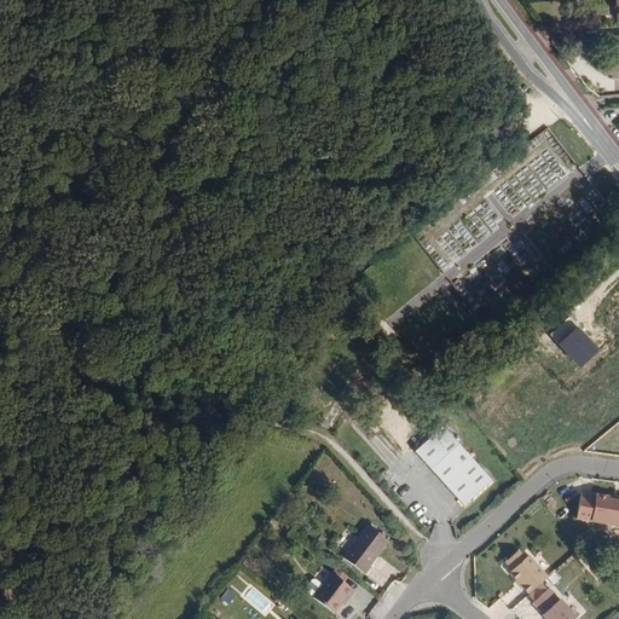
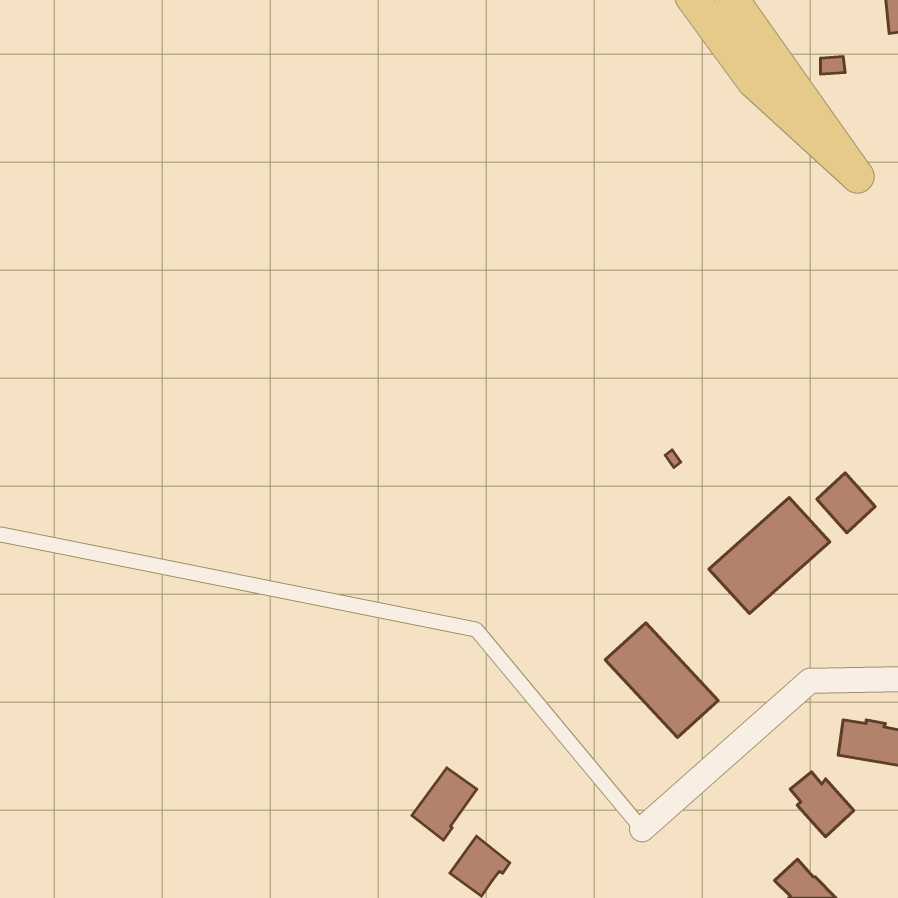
building: none -> [709,497,830,614]
building: [341,526,386,575] -> [412,768,477,840]
building: [505,550,549,595] -> [790,772,854,837]

